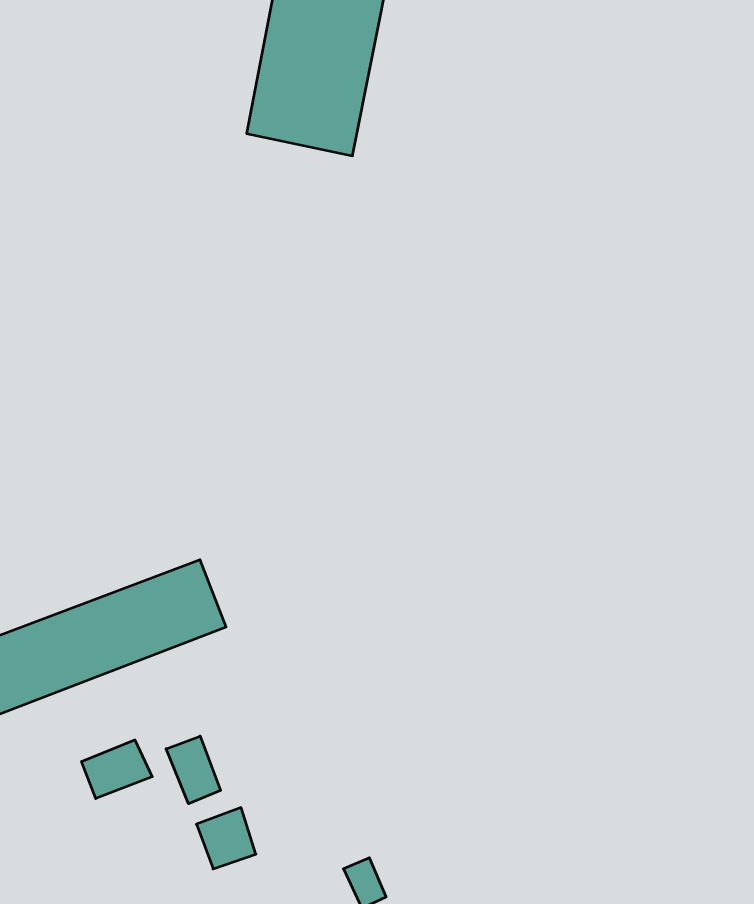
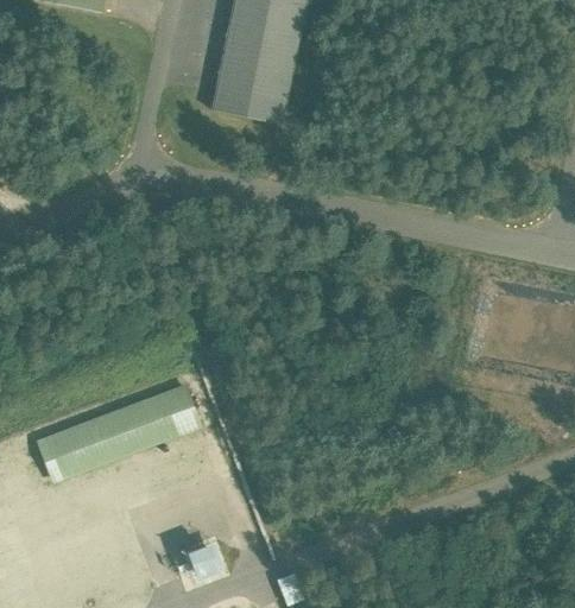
building: [166,736,221,804] -> none
building: [82,740,152,799] -> none

